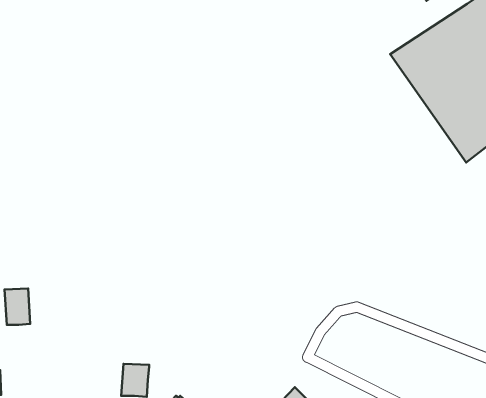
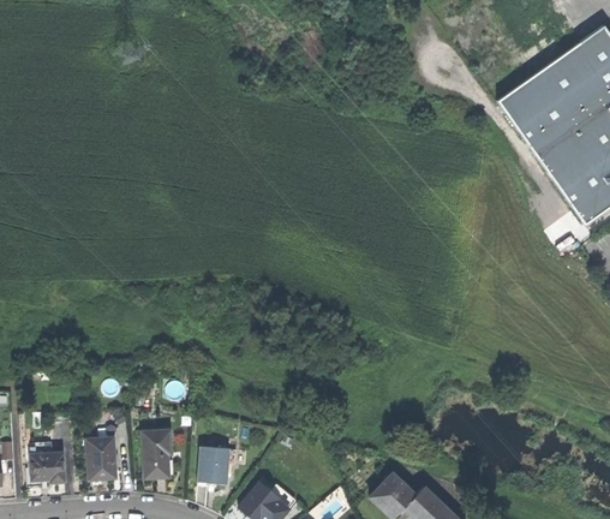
building: [5,288,30,325] -> [86,437,115,478]
building: none -> [143,430,171,477]

